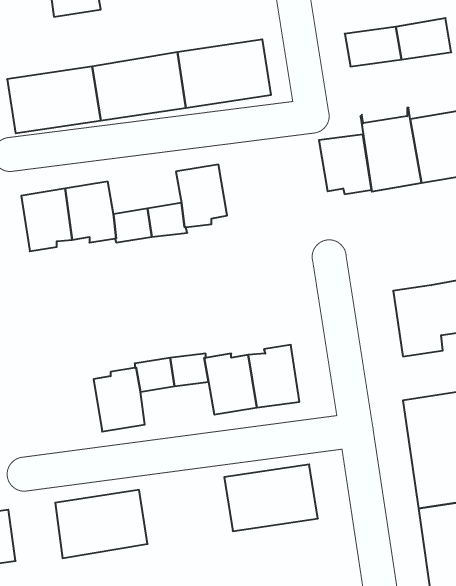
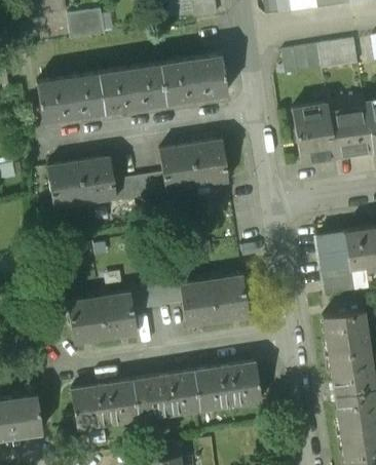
building: [319,134,372,194] -> [190,141,228,184]
building: none -> [69,299,106,342]
building: none -> [133,371,200,419]

